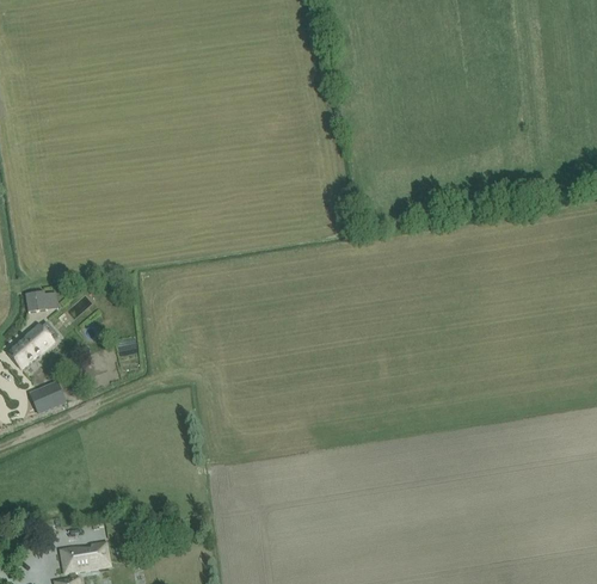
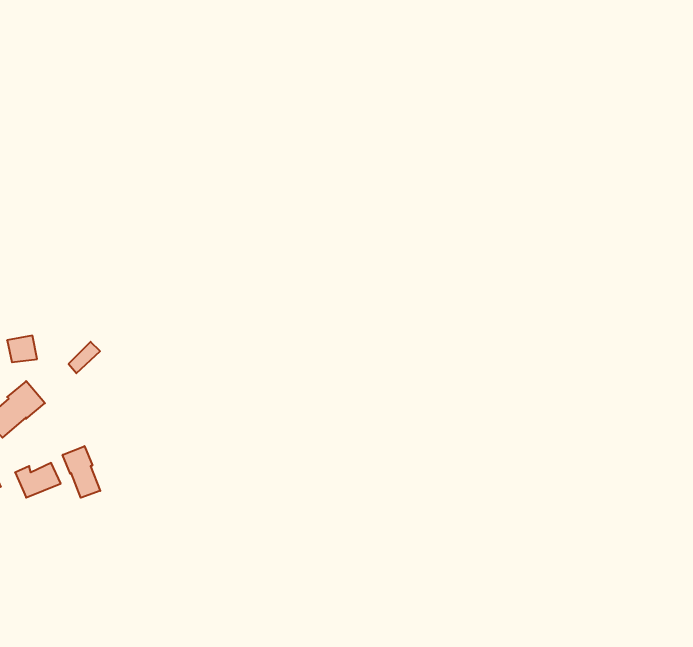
building: none -> [63,446,100,498]

